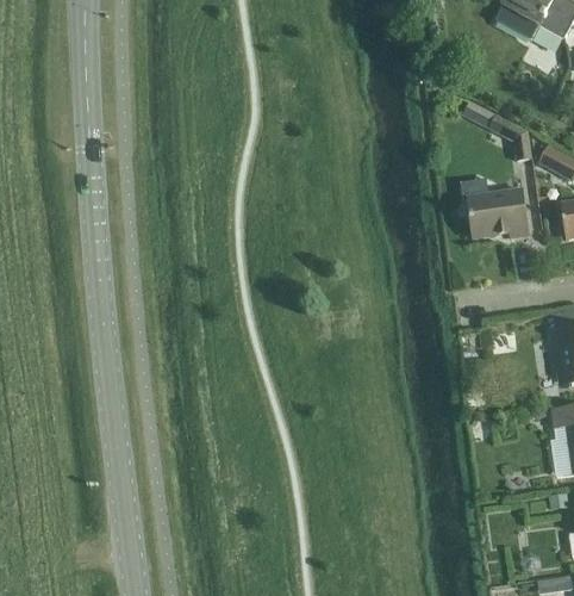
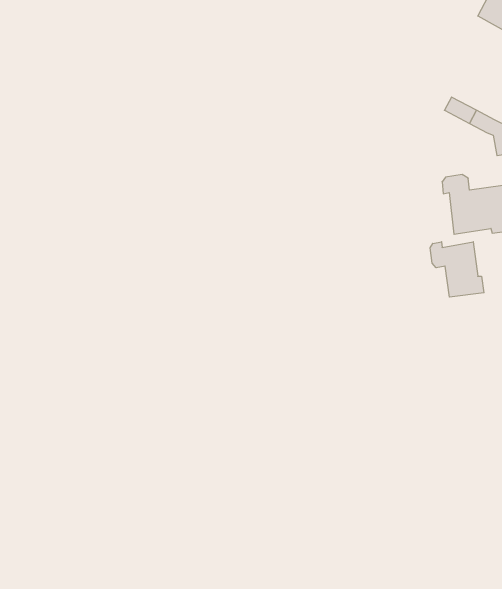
building: none -> [430,242,484,297]

